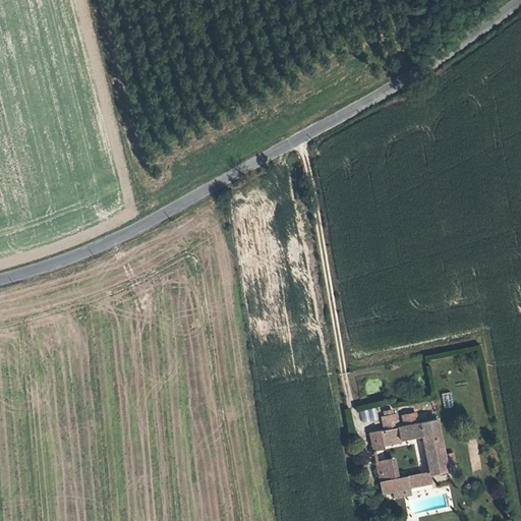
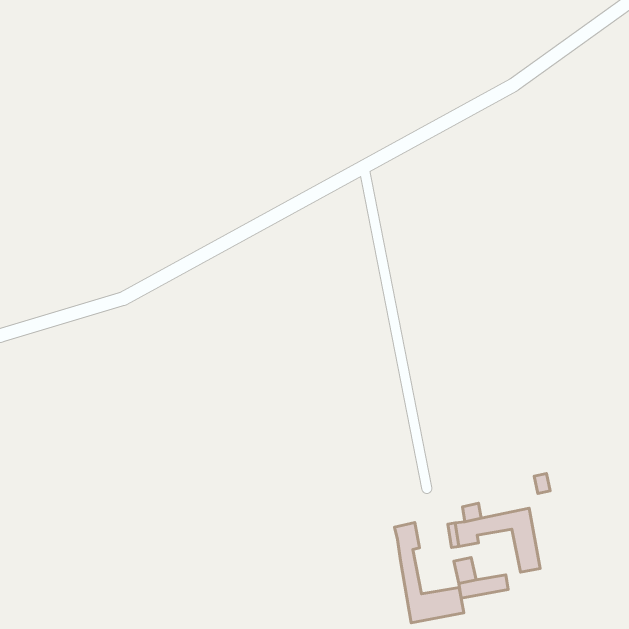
building: none -> [395,523,464,623]

